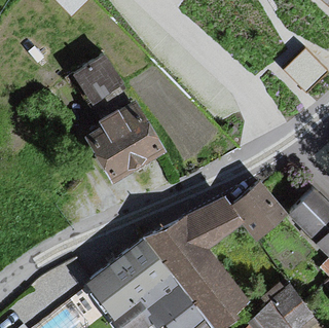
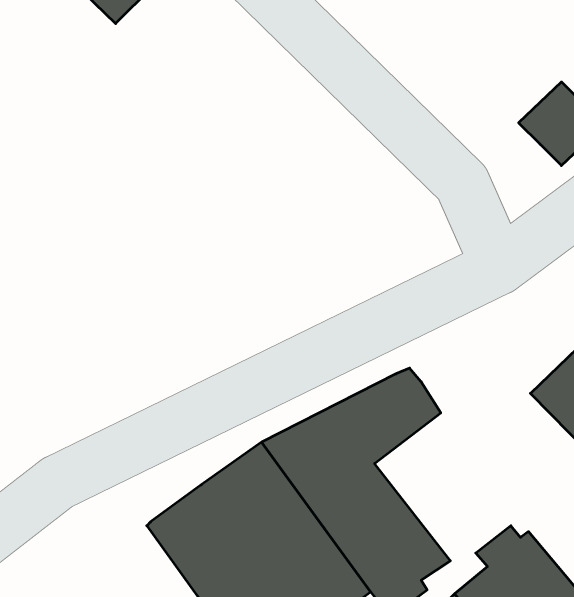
building: [74,54,126,109] -> none
building: [87,102,160,178] -> none
building: [236,186,287,238] -> none

